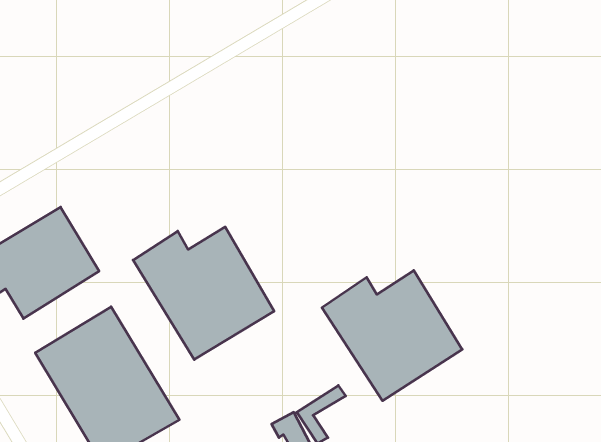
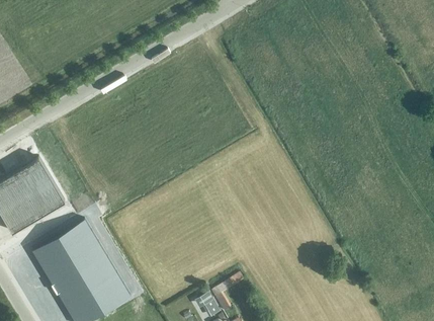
building: [133,227,274,360] -> none
building: [322,270,462,401] -> none

